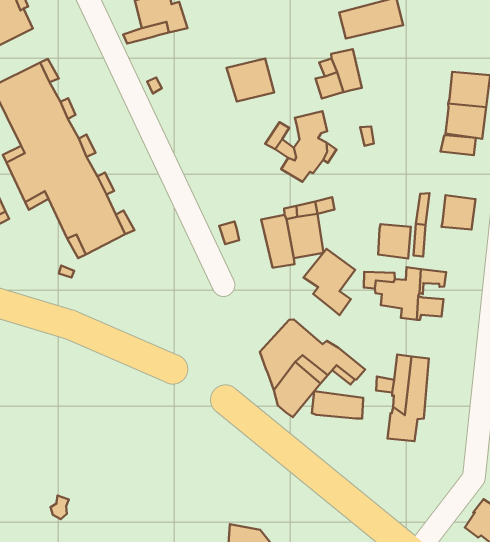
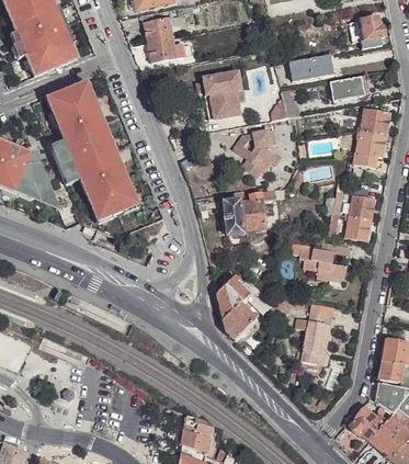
building: none -> [330,77,365,101]
building: none -> [202,72,241,94]
building: [378,224,411,258] -> [345,216,370,241]
building: [304,249,355,315] -> none
building: [312,391,363,419] -> none

